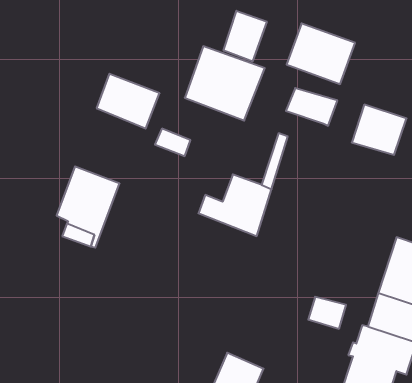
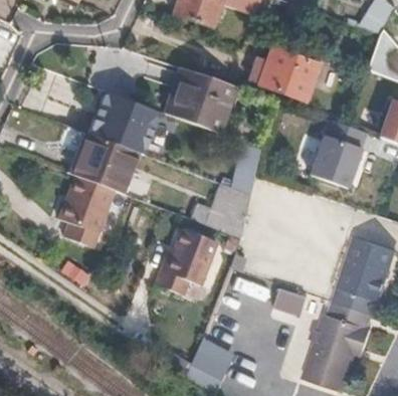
building: [224,11,267,61] -> none
building: [286,88,337,126] -> [309,153,354,186]
building: none -> [72,133,137,192]
building: none -> [154,227,211,293]

